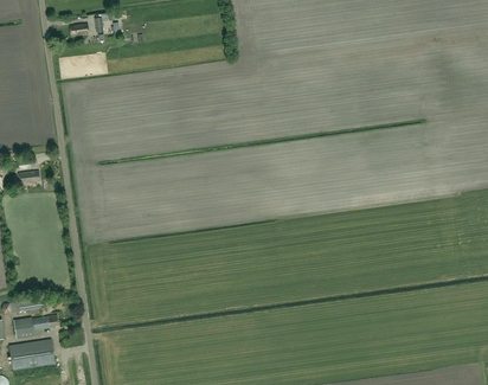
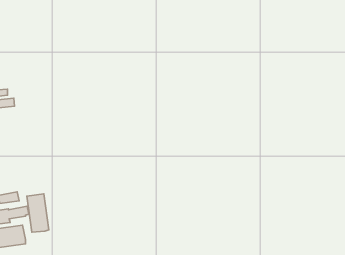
building: none -> [27,194,49,232]

